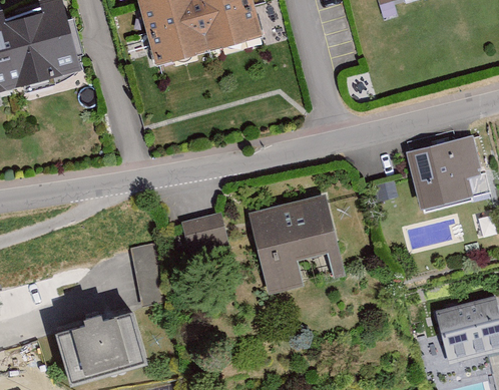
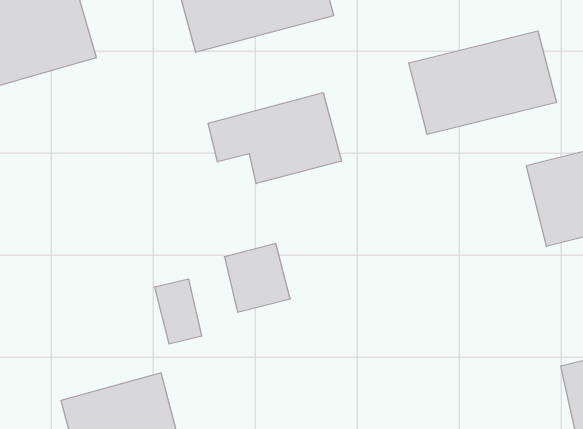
building: none -> [409,31,557,135]
building: none -> [208,93,341,184]
building: [247,194,348,298] -> none

